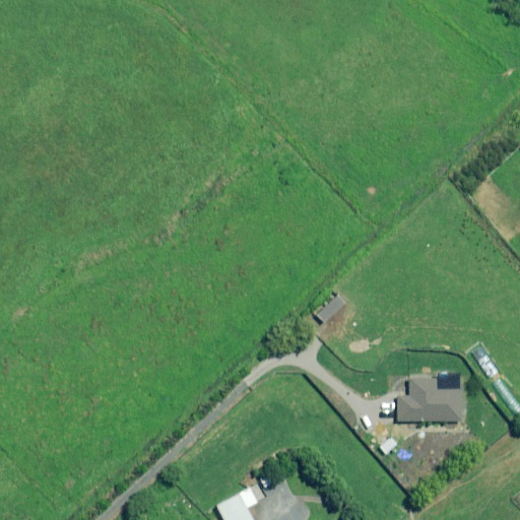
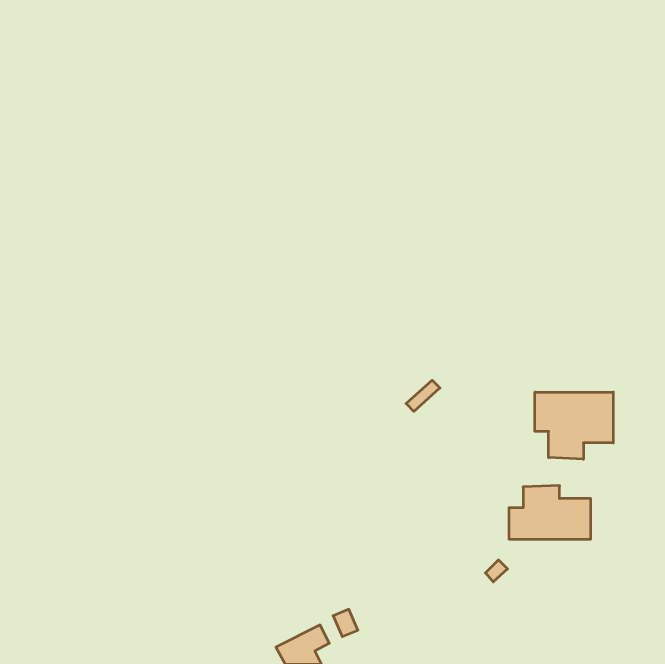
building: none -> [535,392,613,459]

